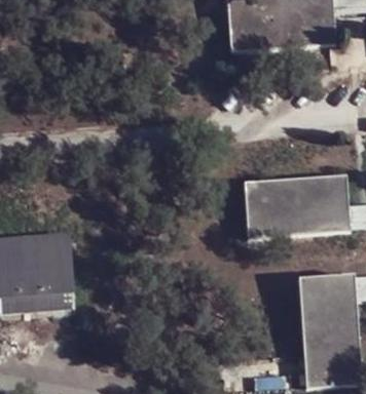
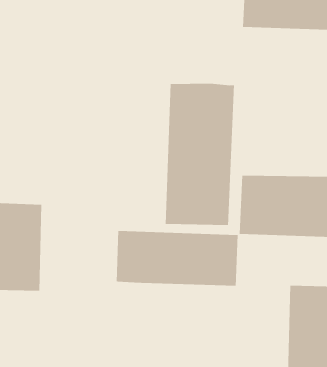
building: none -> [165,83,234,226]
building: none -> [116,230,238,287]

